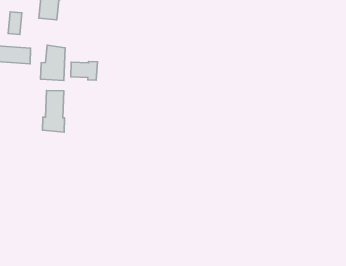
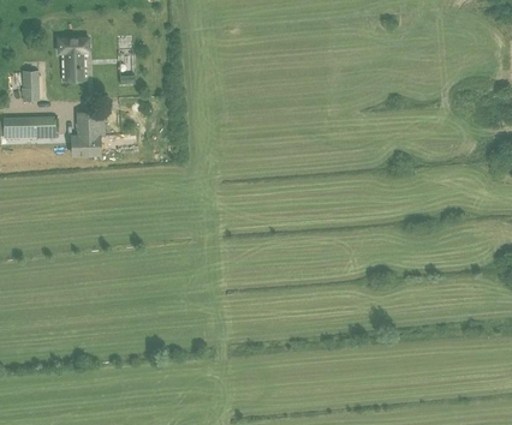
building: [71,61,98,80] -> none
building: [42,90,65,132] -> none

